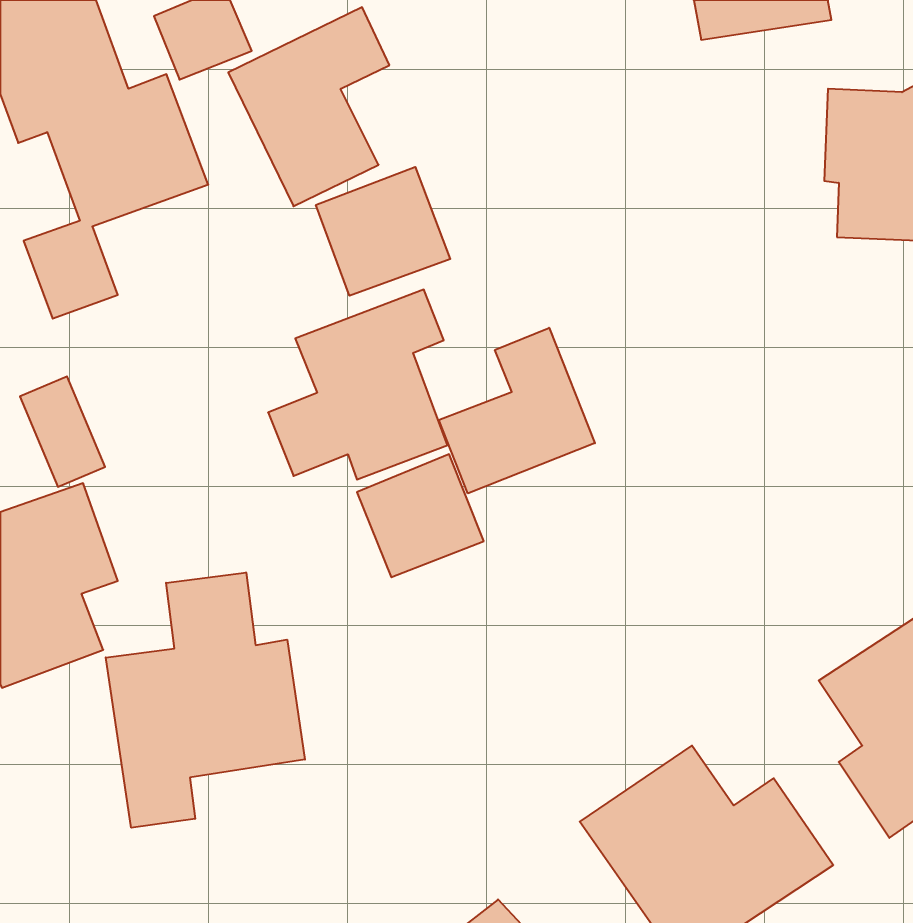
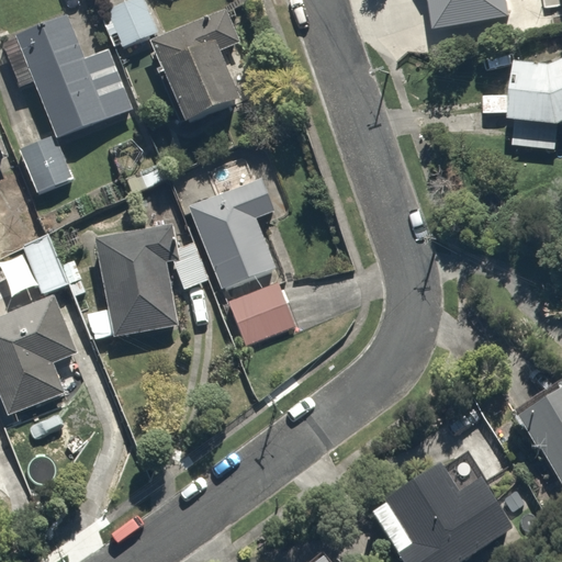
building: [316,167,450,296] -> none
building: [439,328,595,493] -> none
building: none -> [86,225,180,339]
building: [106,572,305,828] -> none

